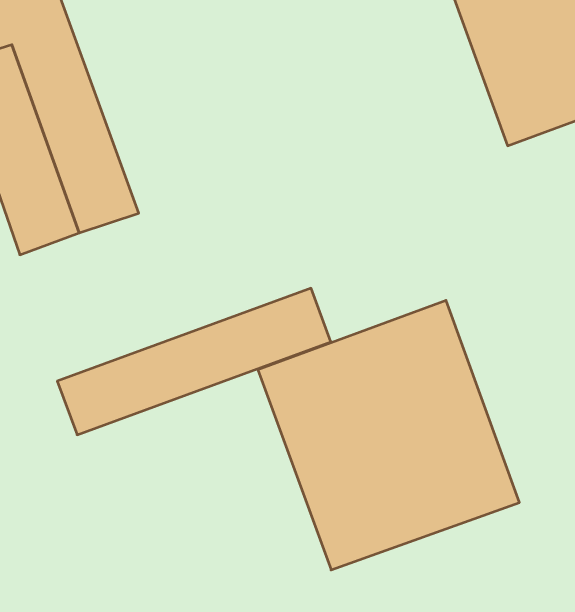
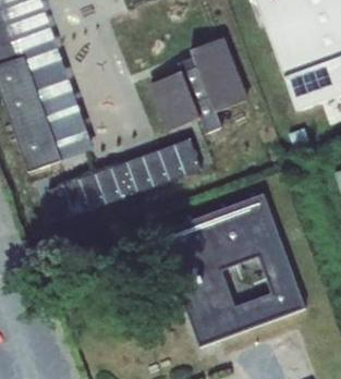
building: none -> [150,37,248,133]
building: [57,288,331,435] -> [51,139,202,220]

